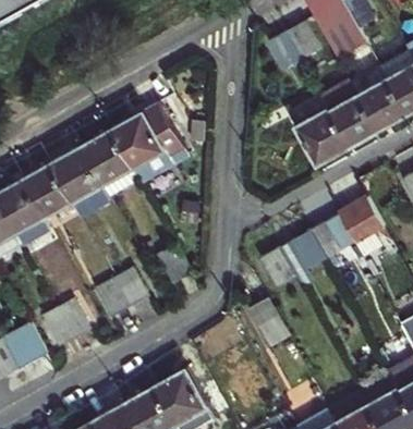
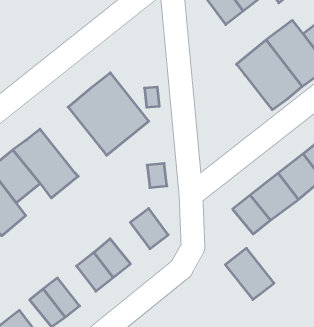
building: [81,128,141,196] -> none

